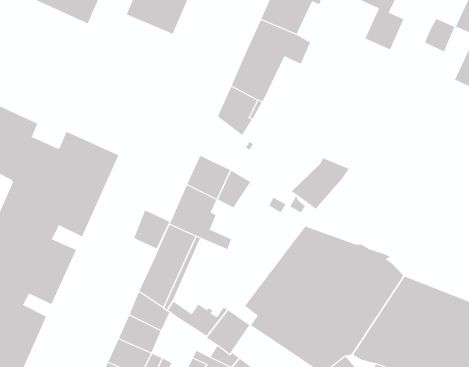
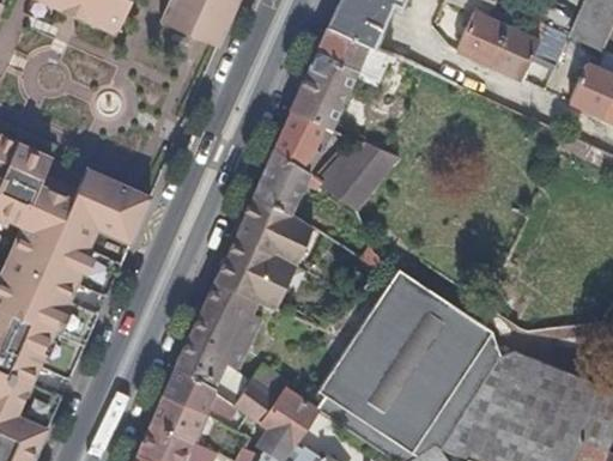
building: none -> [490,28,538,80]
building: none -> [253,148,309,214]
building: [291,157,350,209] -> [323,145,396,210]
building: [134,210,170,249] -> none

